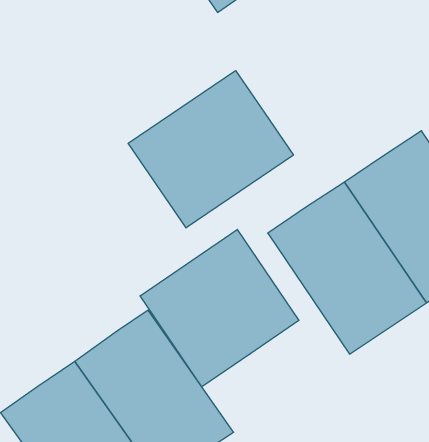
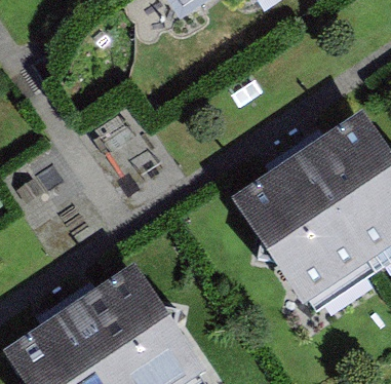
building: [128,71,293,228] -> none
building: [140,229,299,387] -> none

